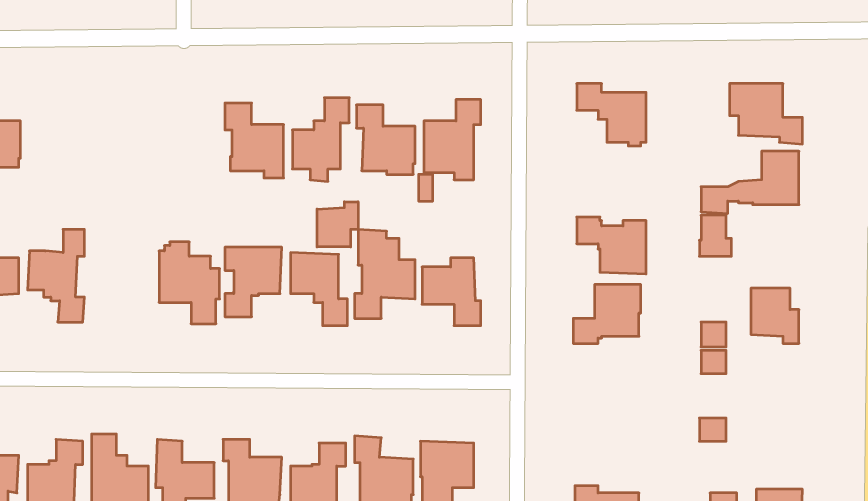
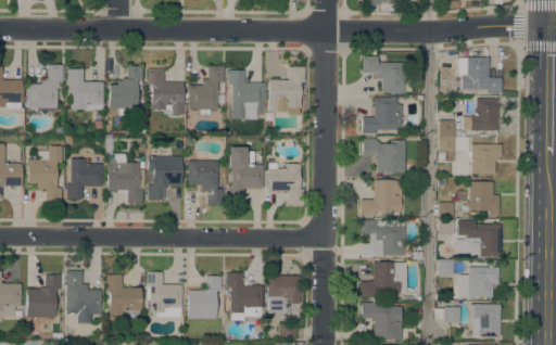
building: none -> [27,64,63,107]
building: none -> [109,65,143,115]
building: none -> [67,68,103,108]
building: none -> [362,97,408,133]
building: [317,202,358,247] -> none
building: none -> [465,143,502,174]
building: none -> [66,158,102,199]
building: none -> [361,219,405,256]
building: none -> [456,223,501,256]
building: none -> [359,261,406,297]
building: none -> [458,266,498,296]

